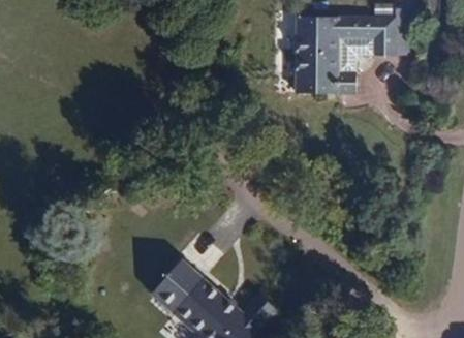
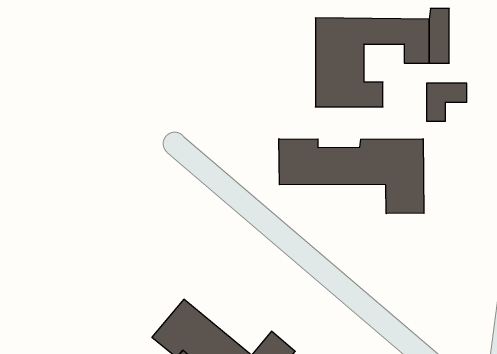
building: [338,39,373,72] -> [427,83,467,121]
building: none -> [279,139,424,214]

